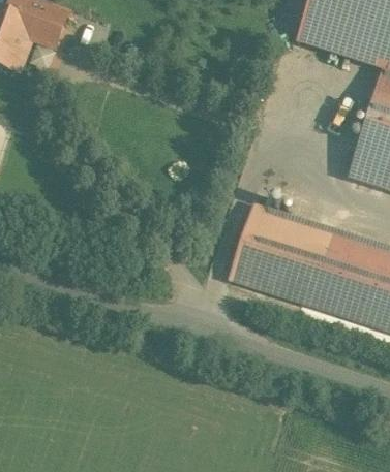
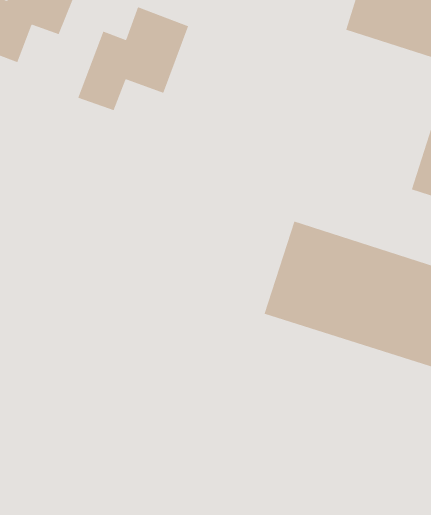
building: none -> [77,6,189,111]

